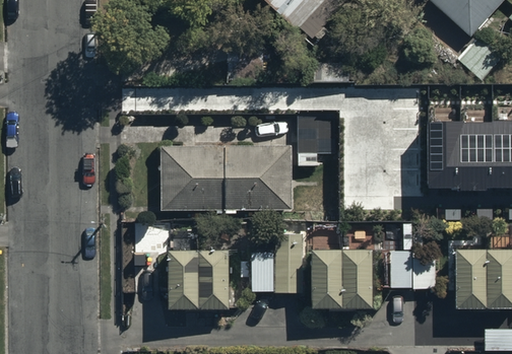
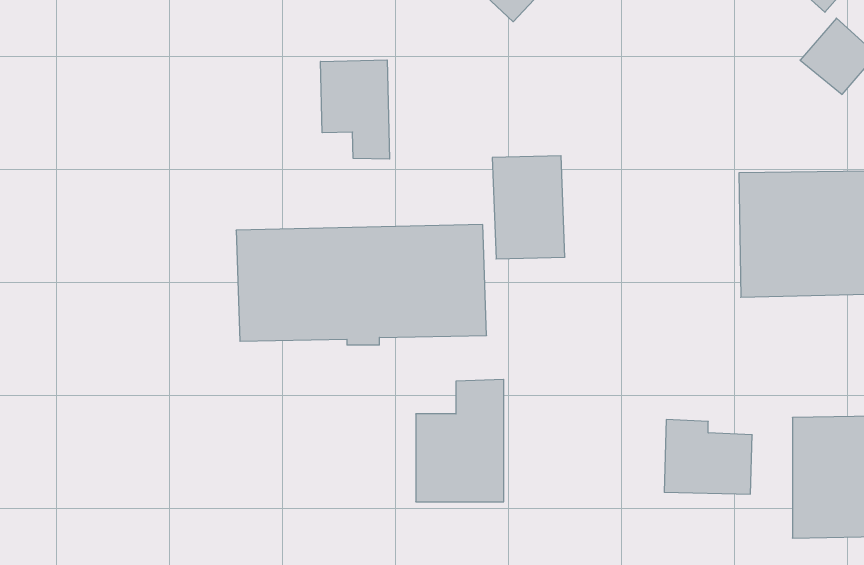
building: none -> [321,60,389,159]
building: [313,249,372,310] -> none
building: [170,250,228,309] -> none

